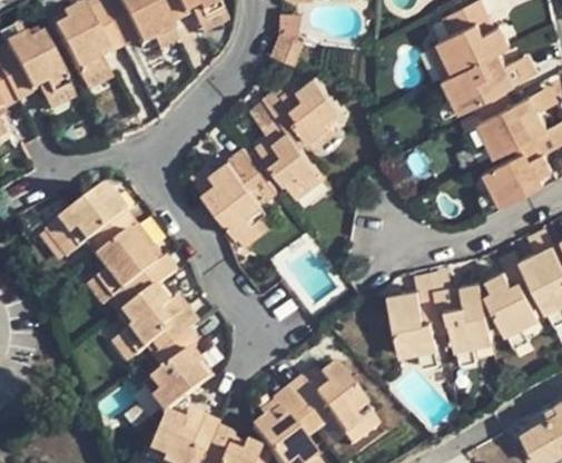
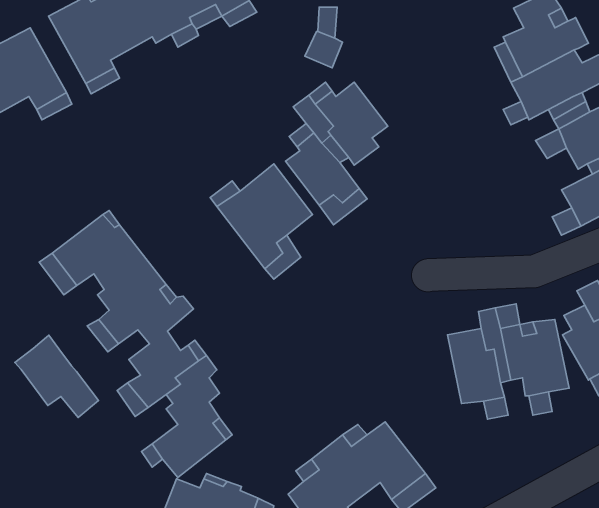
building: none -> [15,335,99,418]

